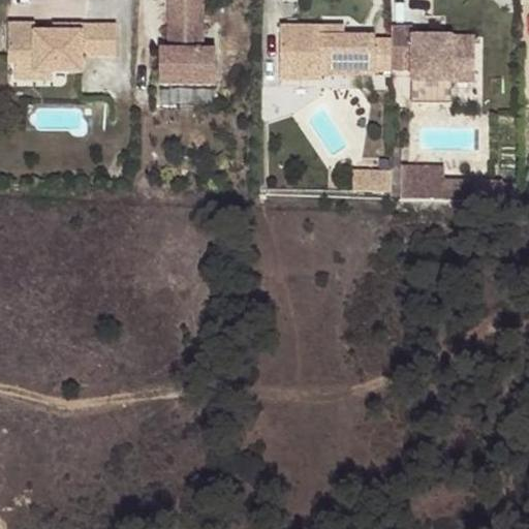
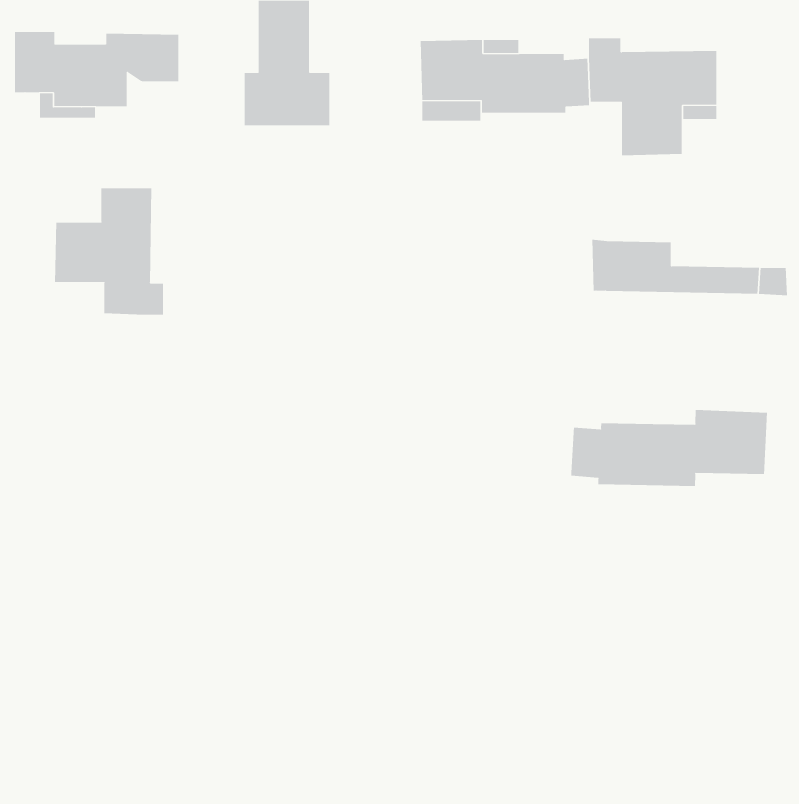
building: none -> [54,188,164,316]
building: none -> [571,409,768,487]

